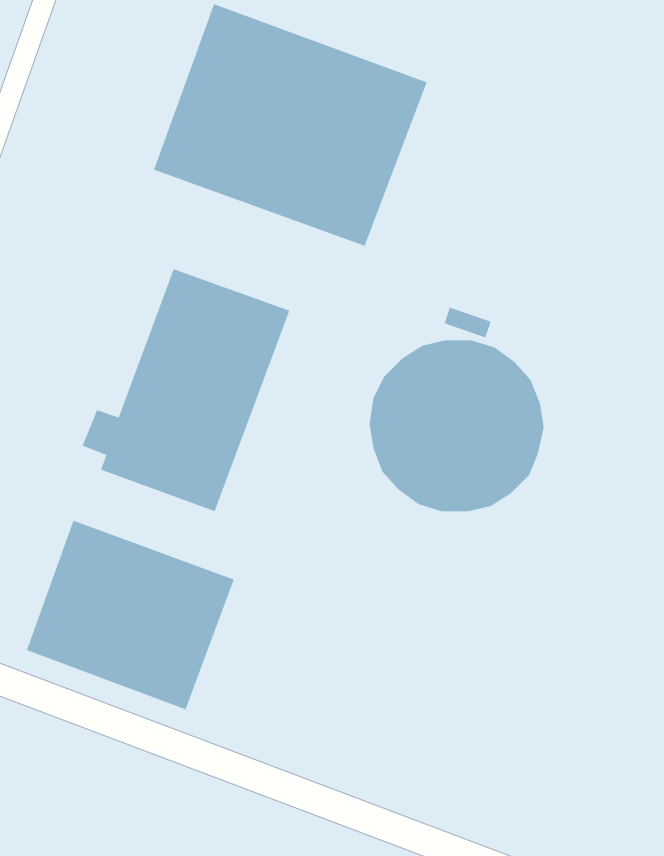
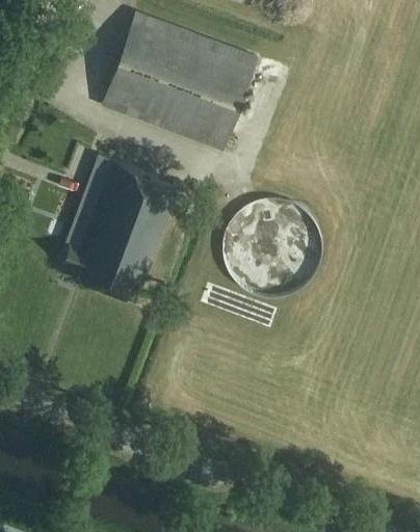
building: [26,520,235,710] -> none

